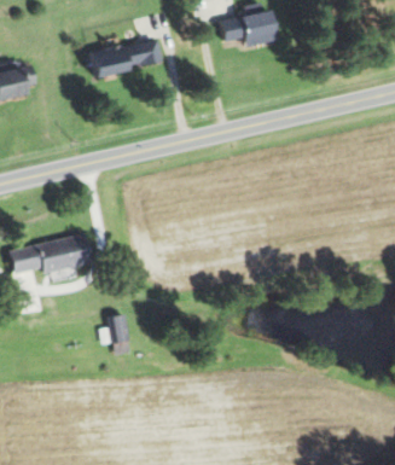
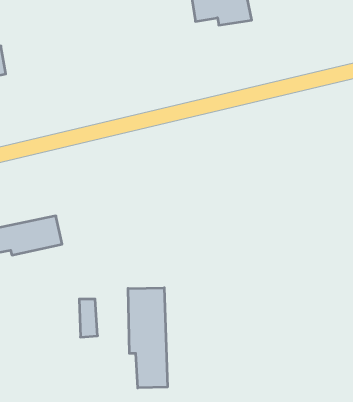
building: [88,36,162,80] -> none
building: none -> [128,288,167,388]

